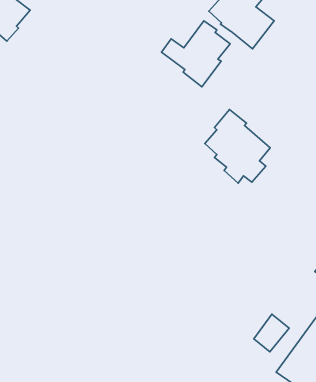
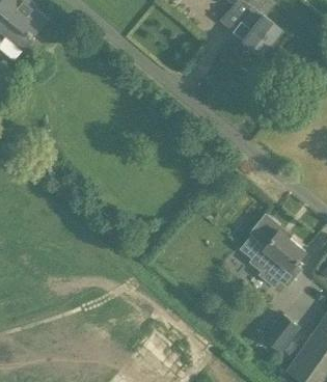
building: [161,21,230,87] -> none
building: [205,109,270,183] -> [241,215,304,286]

